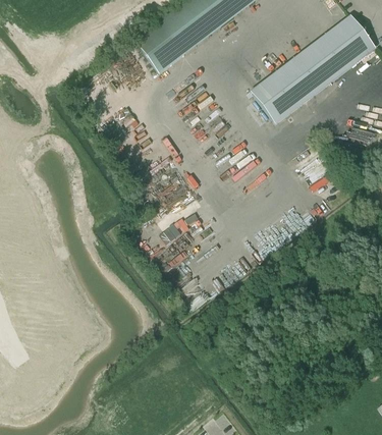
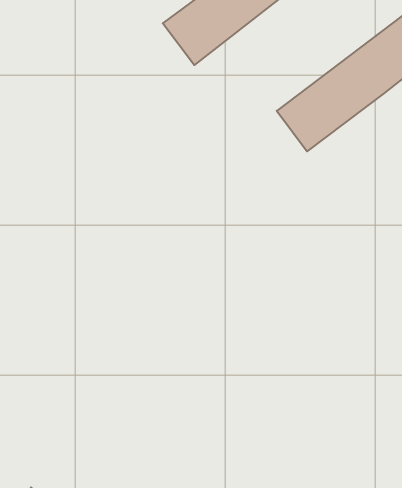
building: [134,20,184,72] -> none

